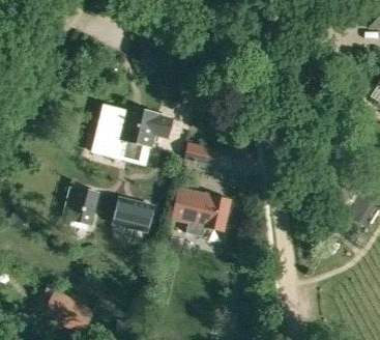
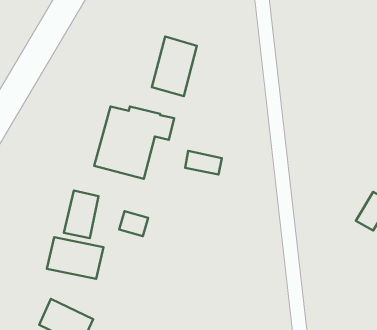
building: none -> [152,37,197,96]
building: [172,193,230,234] -> none
building: none -> [47,237,103,279]

